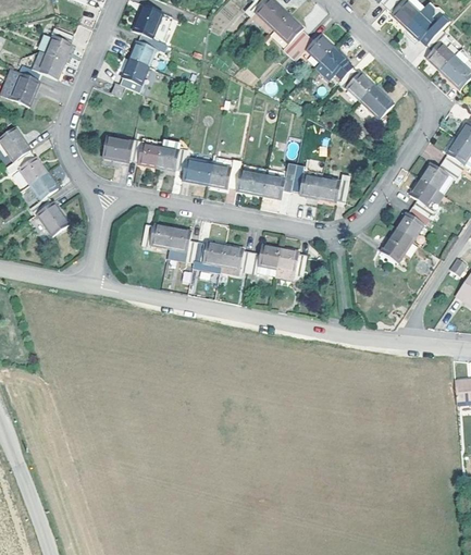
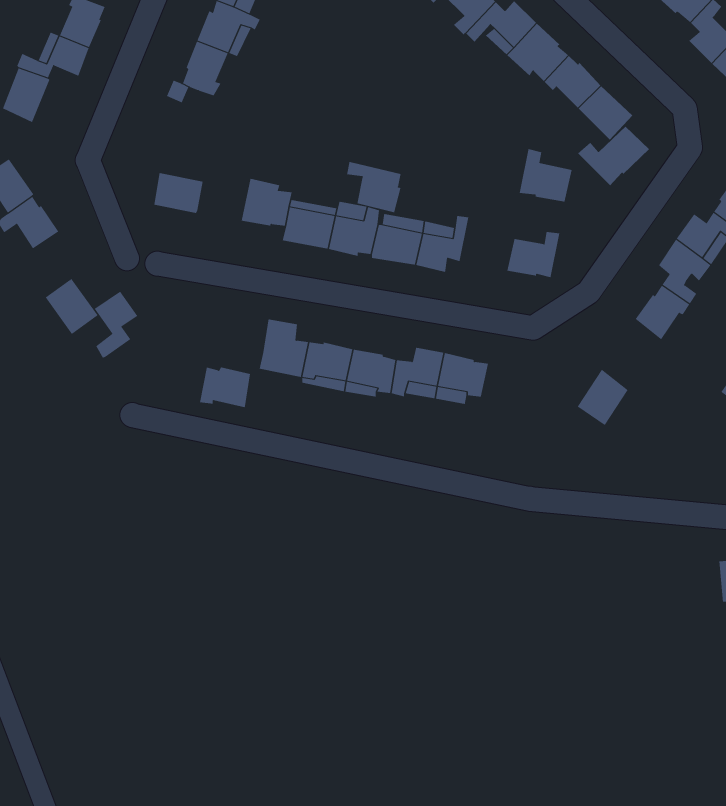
building: none -> [577,126,650,186]
building: none -> [347,161,401,213]
building: [129,138,161,168] -> none
building: [289,165,322,198] -> [519,149,572,202]
building: [28,174,55,215] -> [94,291,138,359]
building: [140,223,172,248] -> [199,367,251,408]
building: [381,227,412,262] -> [577,369,628,426]

